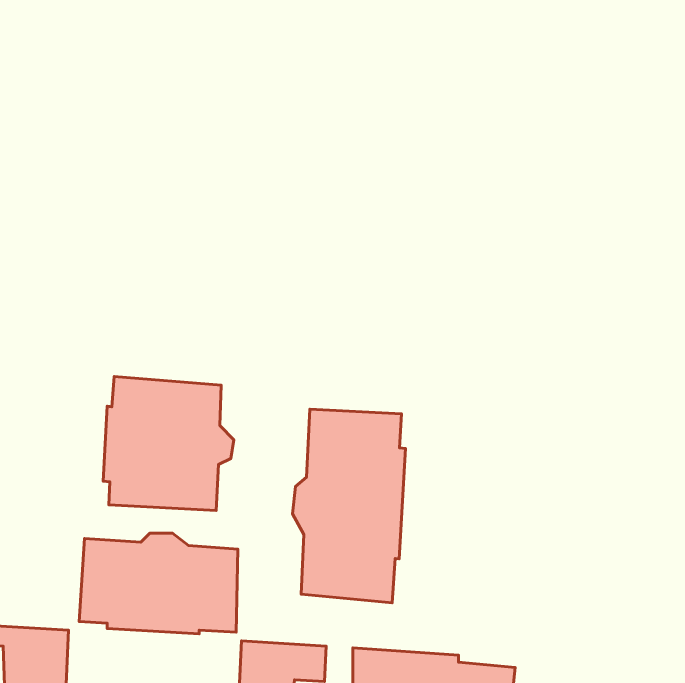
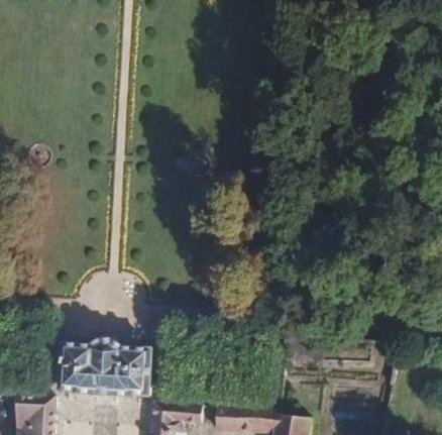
building: [103,377,234,511] -> none
building: [292,409,405,603] -> none

